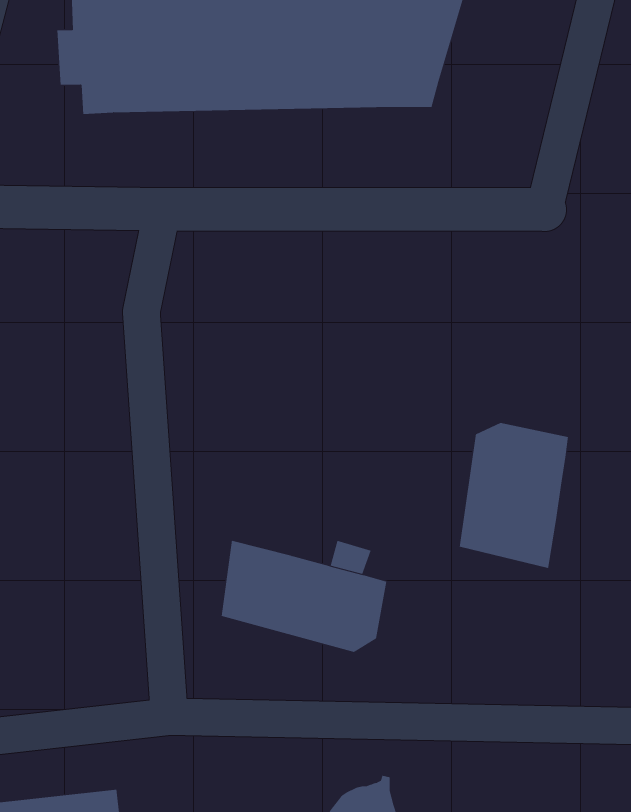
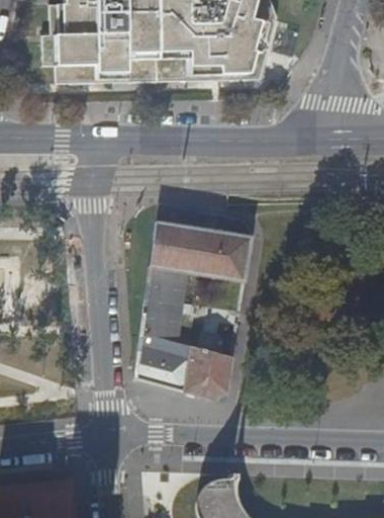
building: none -> [142,222,252,342]
building: [459,422,569,569] -> none

